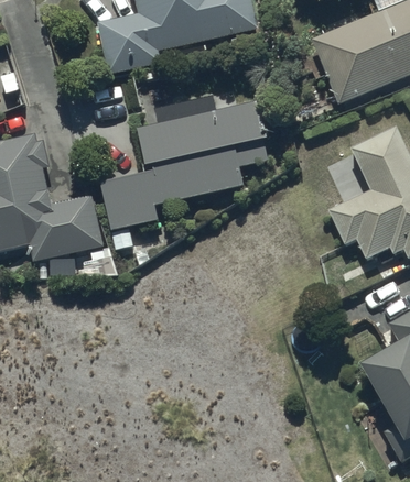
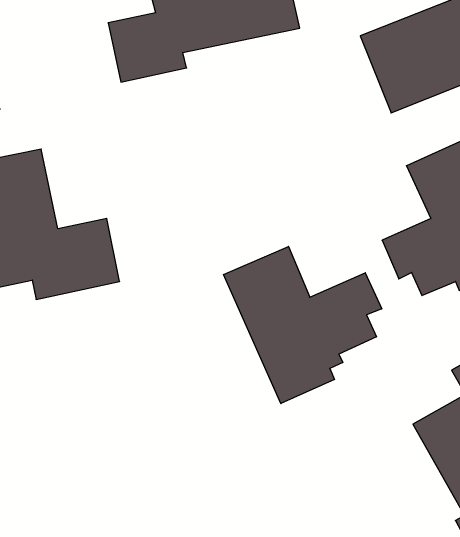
building: [98,96,269,231] -> none
building: none -> [224,246,382,404]

